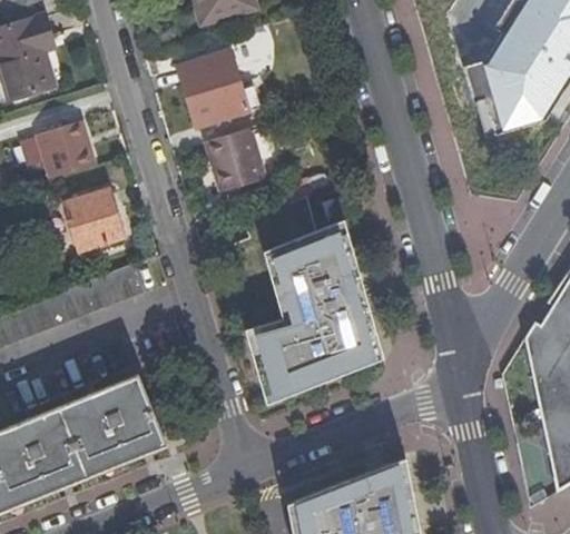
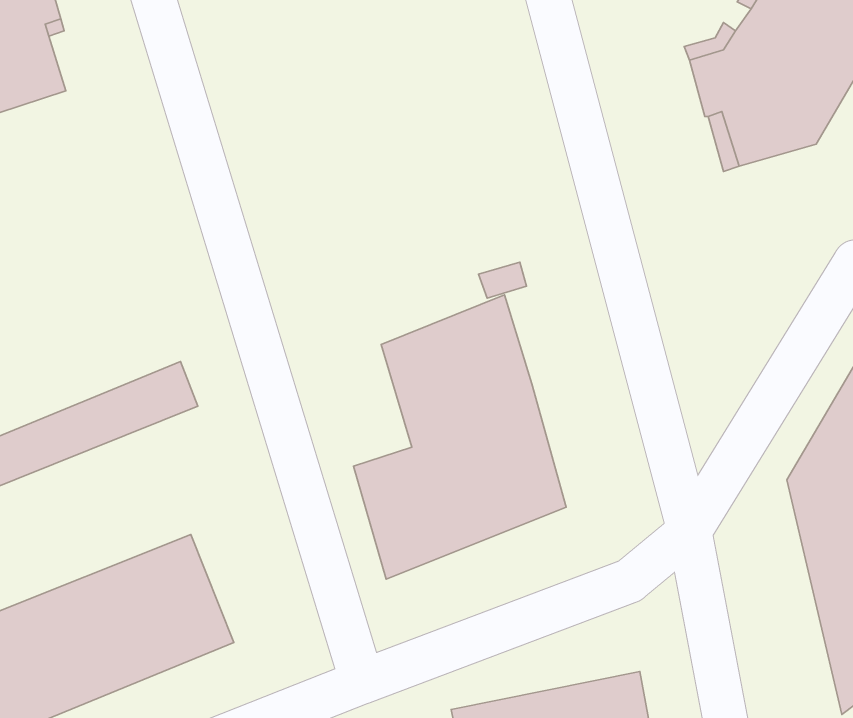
building: [179,53,250,130] -> none
building: [36,120,95,179] -> none
building: [205,129,266,192] -> none
building: [63,190,124,253] -> none

